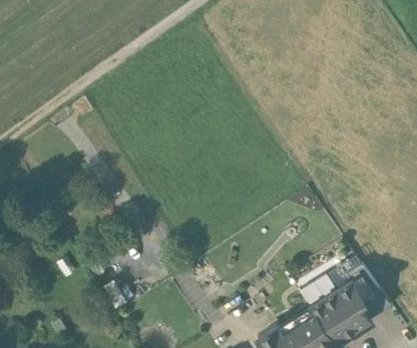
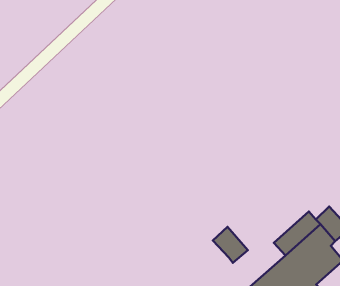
building: none -> [213,227,248,263]

